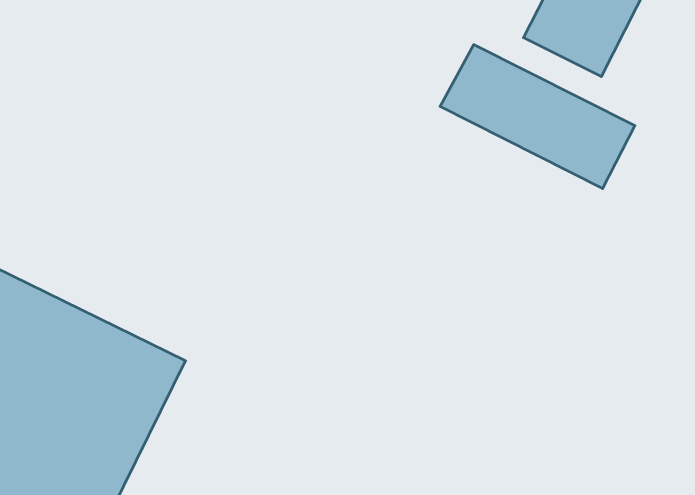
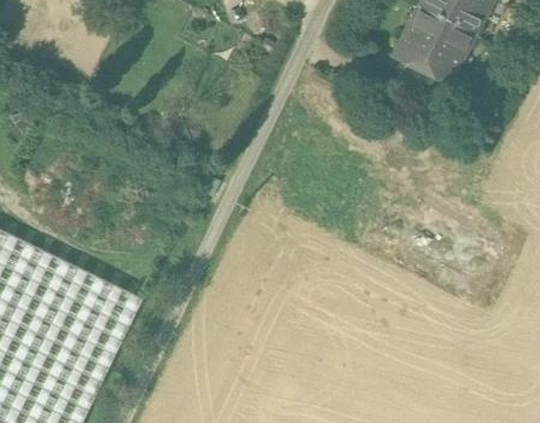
building: [440,45,635,189] -> none

